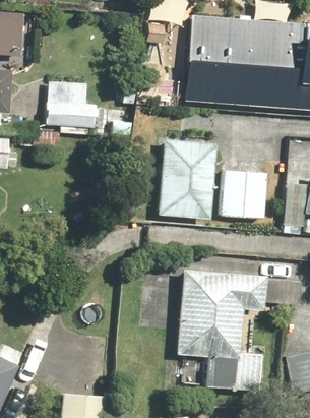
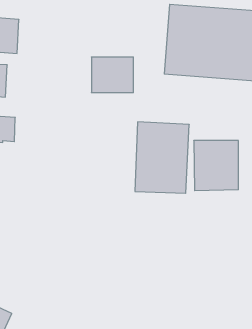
building: [43,87,90,128] -> [91,57,133,93]
building: [171,274,258,371] -> none

